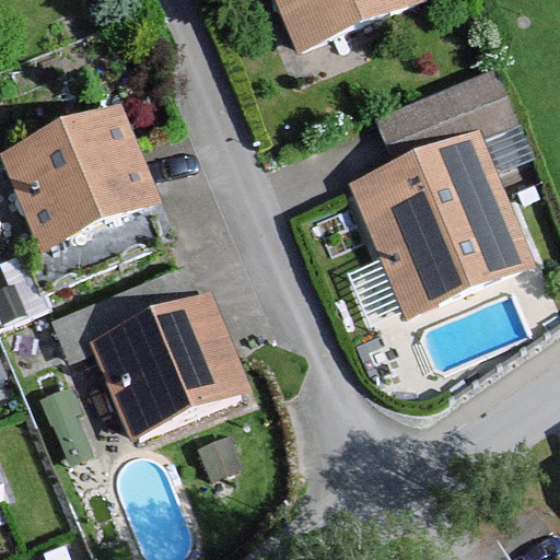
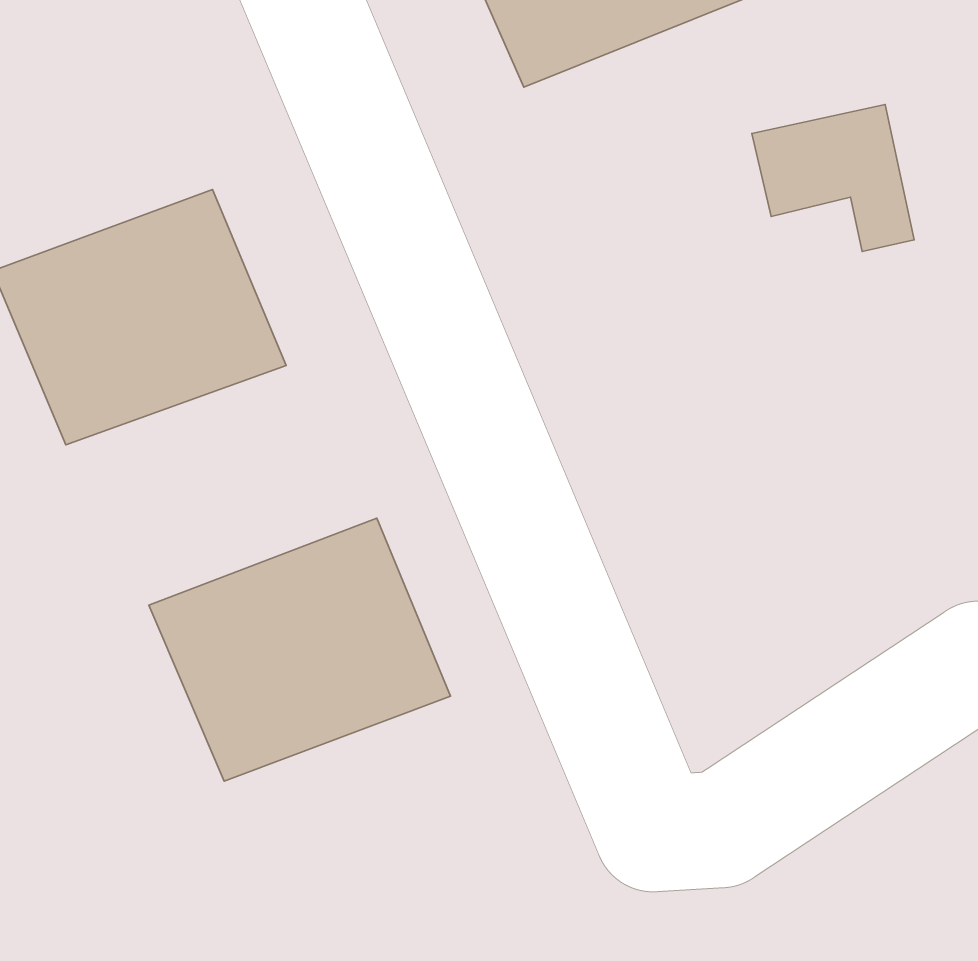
building: [341,117,533,314] -> none

